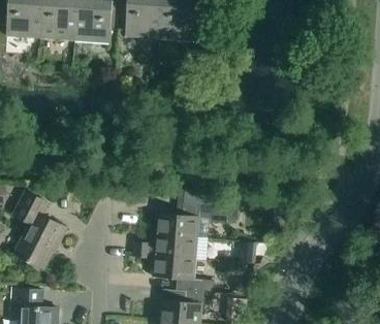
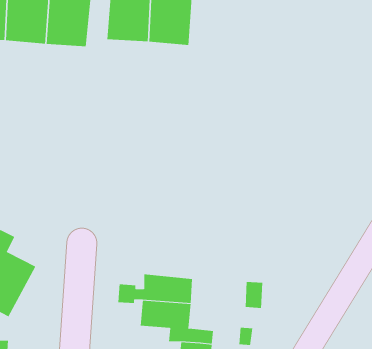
building: [156,203,239,237] -> none

